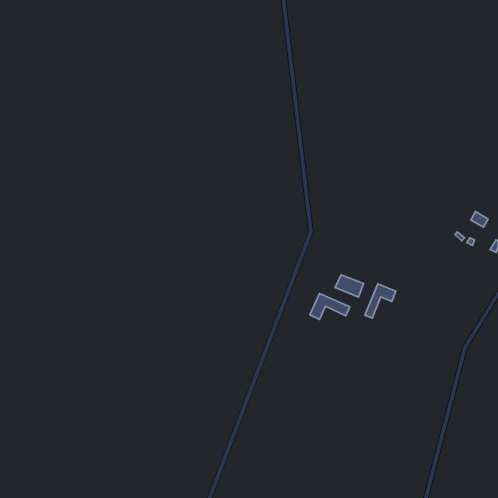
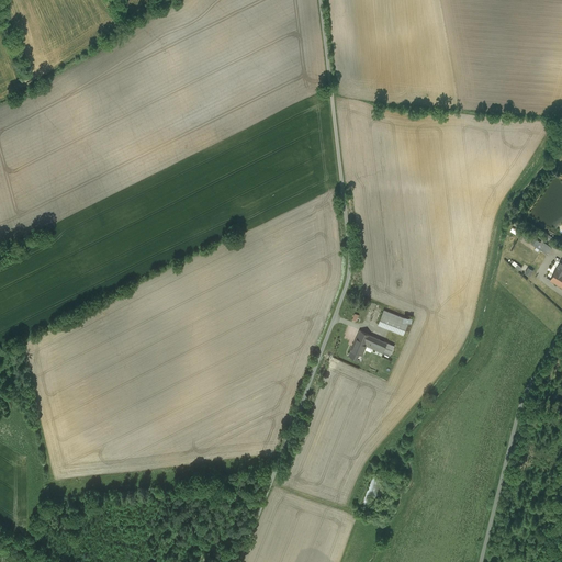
building: [365,284,396,318] -> none

